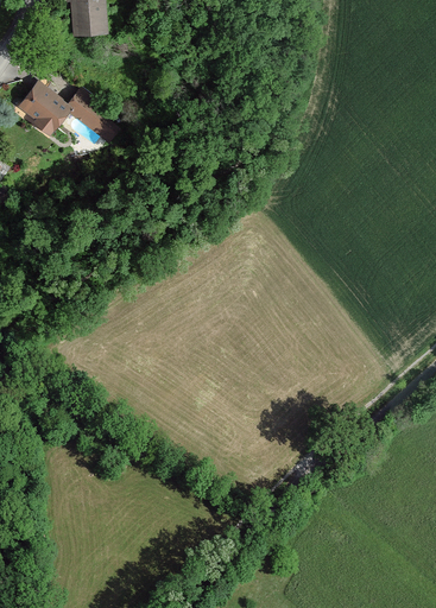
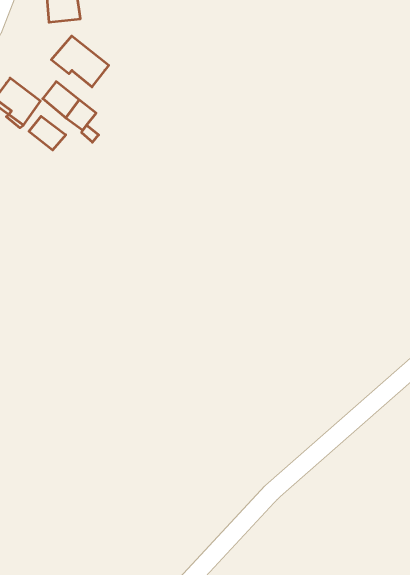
building: none -> [51,36,109,87]
building: none -> [29,116,66,150]

